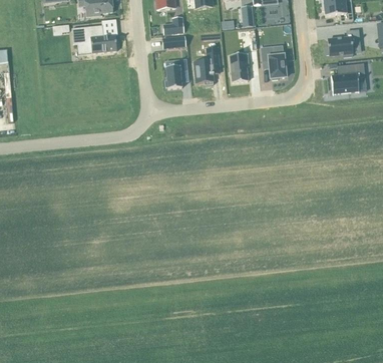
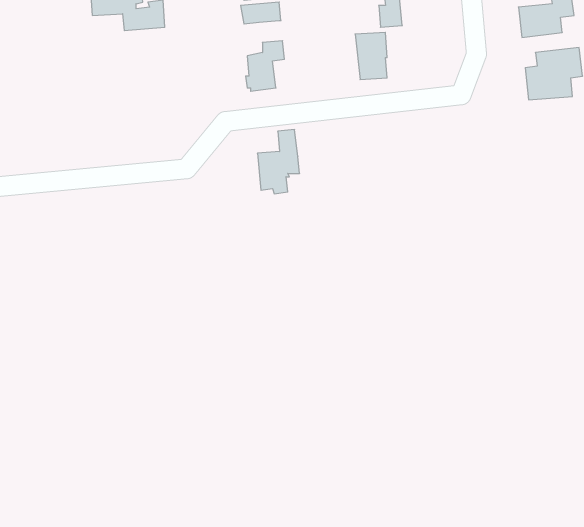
building: [260,45,287,79] -> none
building: [195,46,220,84] -> [257,130,300,194]

